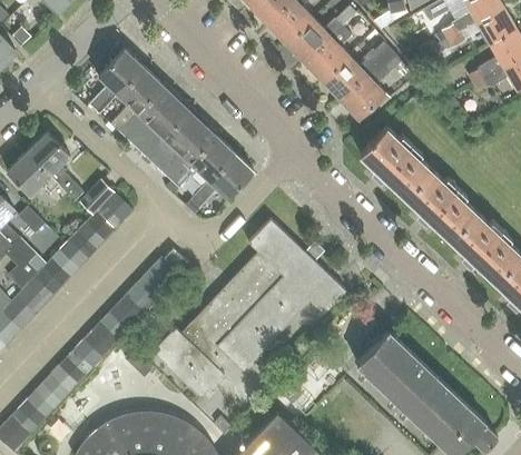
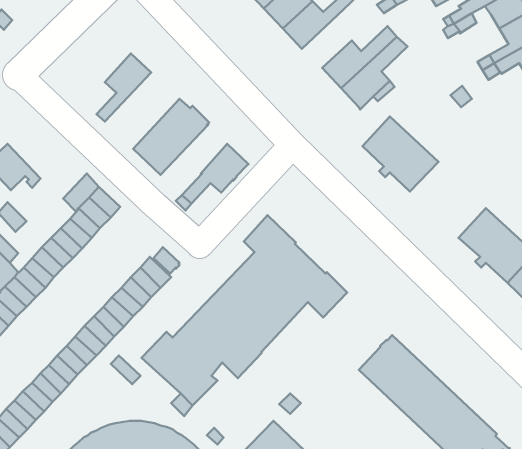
building: [303,27,351,81] -> none
building: [89,49,142,113] -> none
building: [118,83,188,157] -> none
building: [27,132,83,201] -> none
building: [170,135,233,188] -> none
building: [404,169,475,240] -> none

